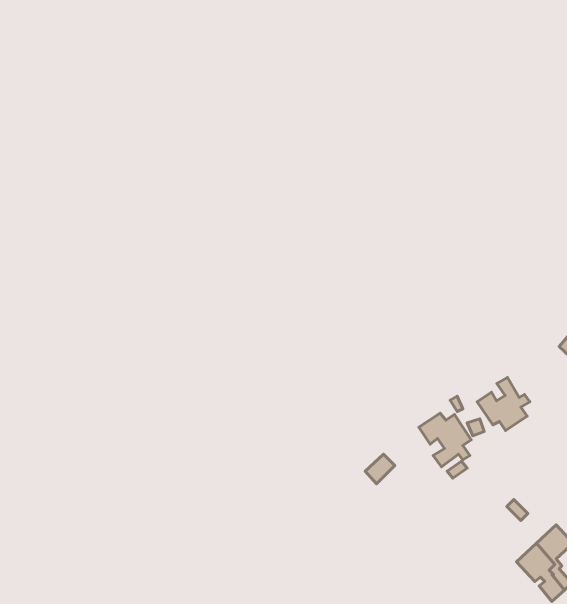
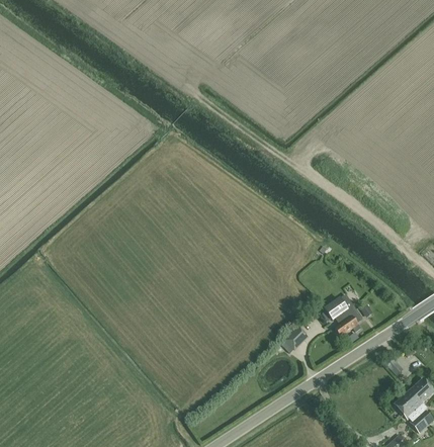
building: [477,378,530,431] -> none

